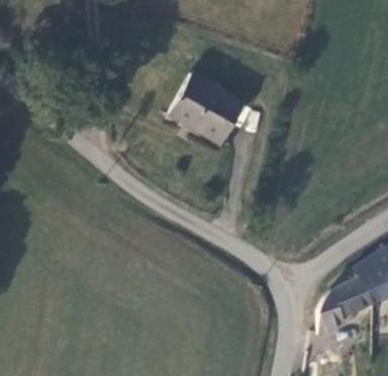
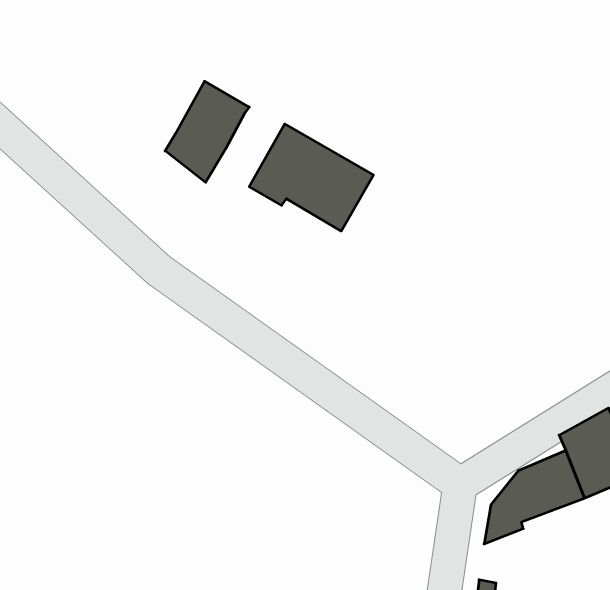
building: none -> [165,81,249,182]

